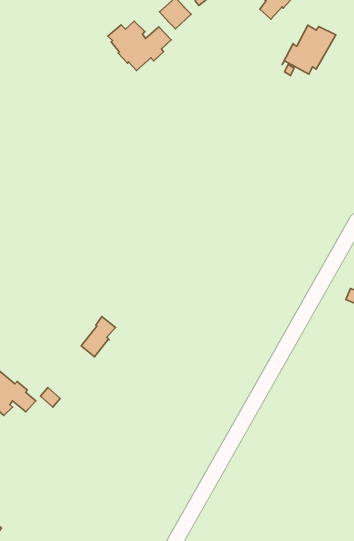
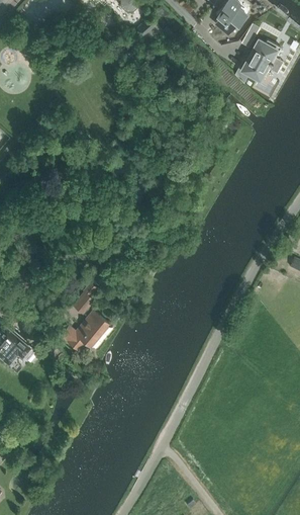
building: [108,21,171,71] -> none
building: none -> [61,311,108,349]

